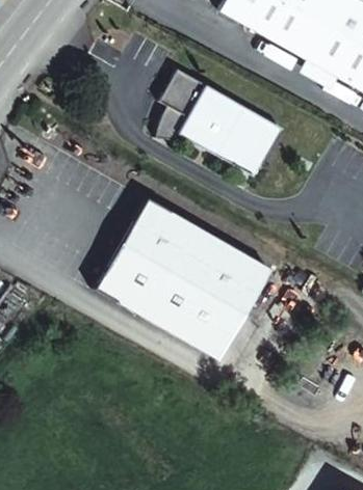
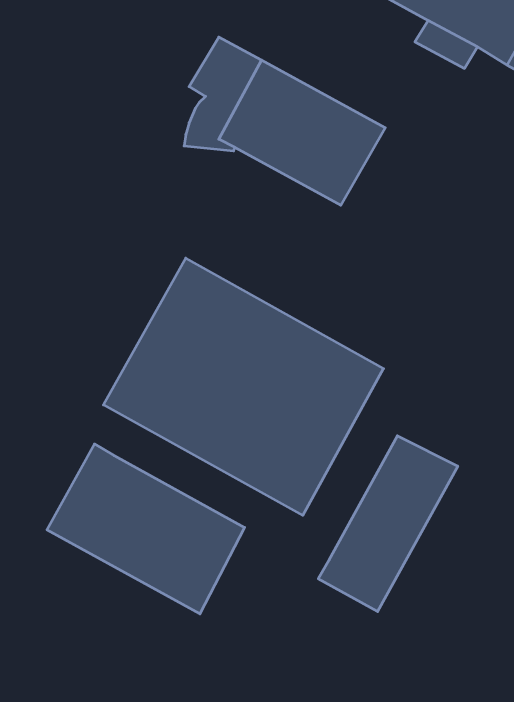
building: none -> [318,436,458,612]
building: none -> [47,444,245,614]

